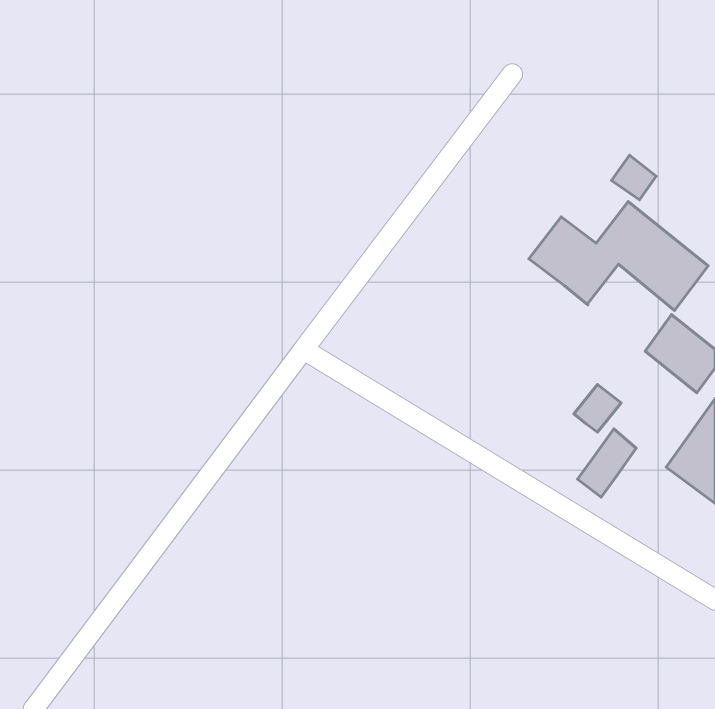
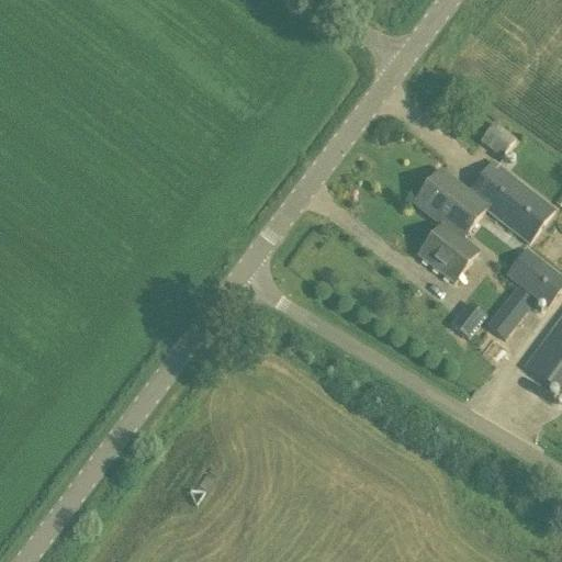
building: none -> [419,224,477,281]
building: [577,429,636,497] -> [487,286,533,340]

